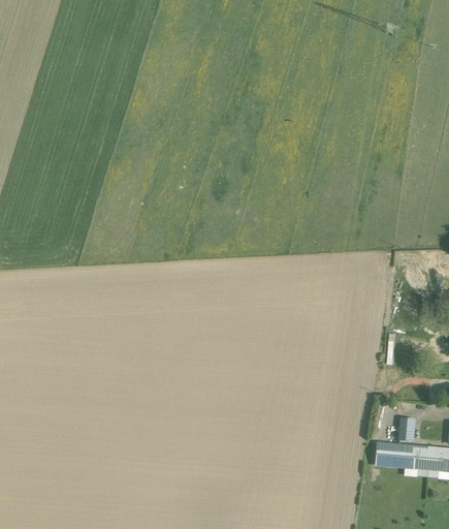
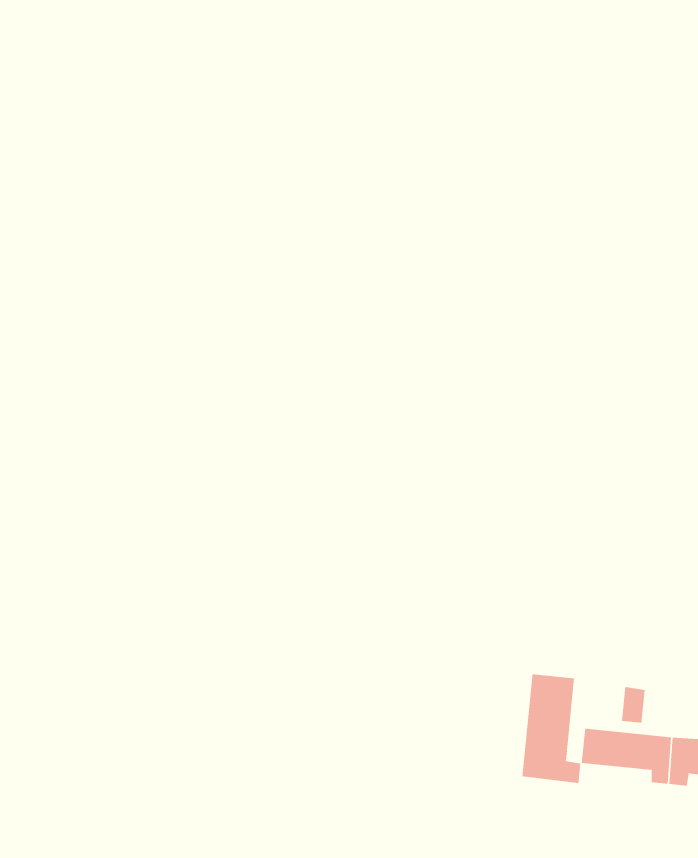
building: none -> [522,674,581,784]

